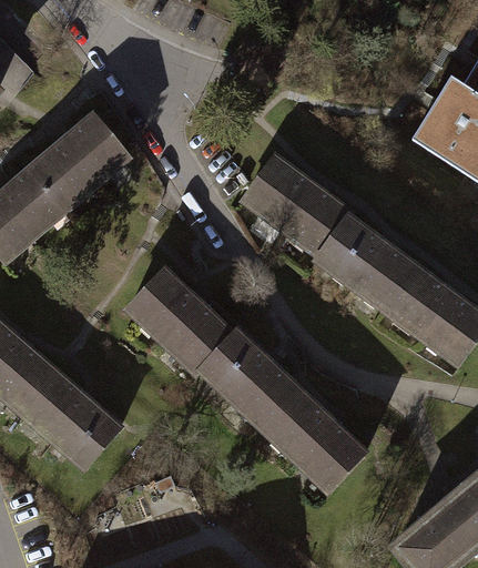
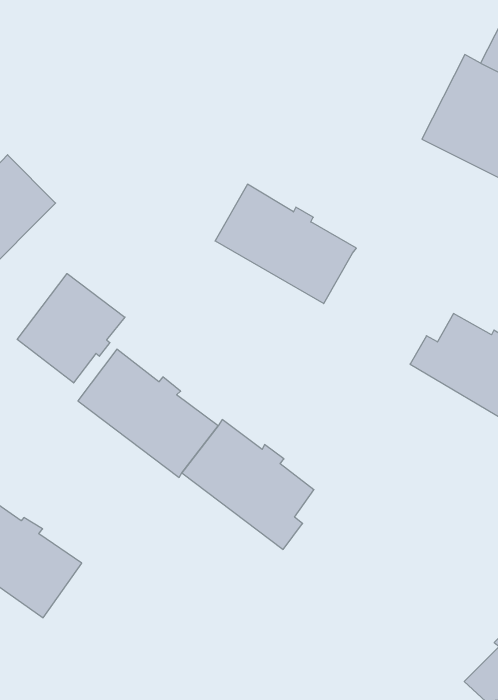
building: none -> [17,274,125,383]
building: [316,217,417,305] -> none
building: [271,392,364,489] -> none

